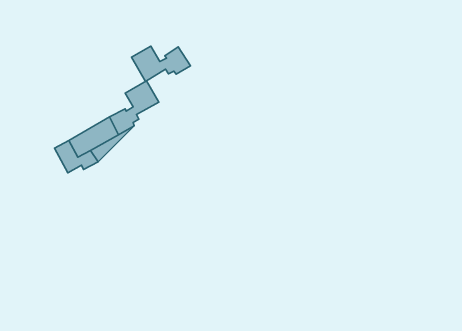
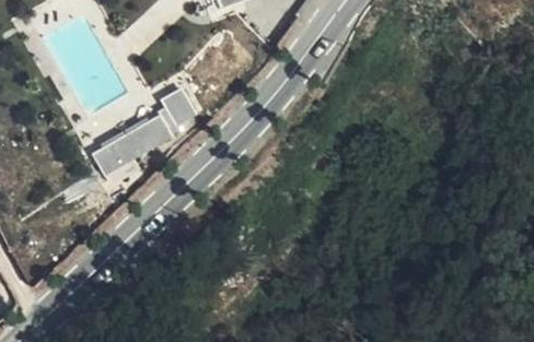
building: [132,46,191,81] -> none

